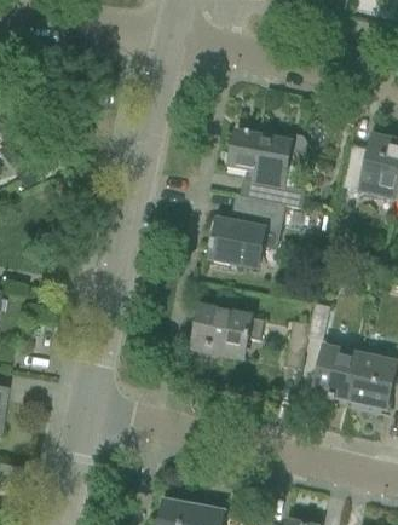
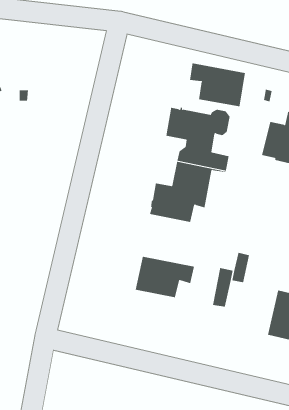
building: none -> [190,62,246,107]
building: [315,339,363,400] -> none

